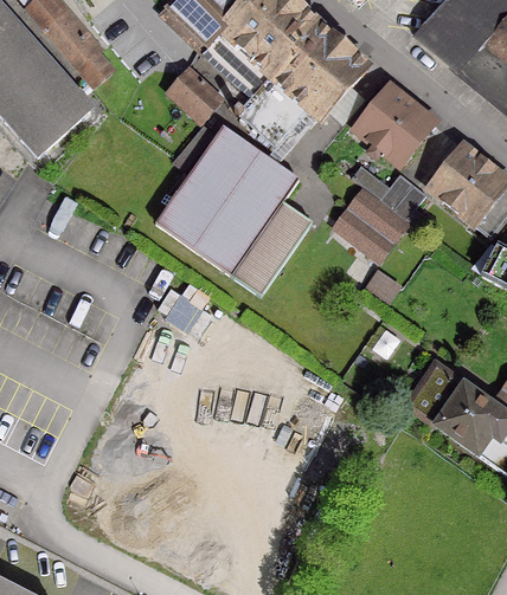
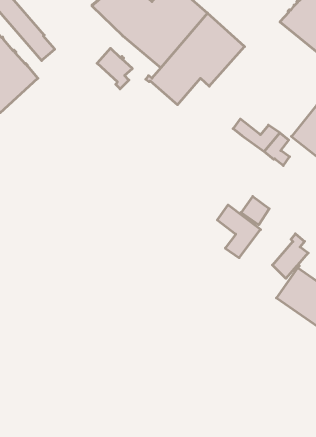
building: [355,86,434,163] -> none
building: [154,124,312,295] -> none
building: [348,188,406,259] -> [217,205,261,258]
building: none -> [272,234,308,278]

